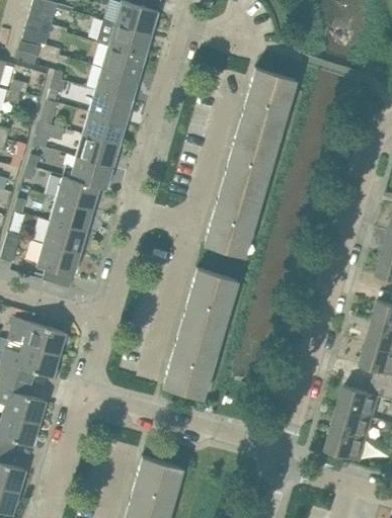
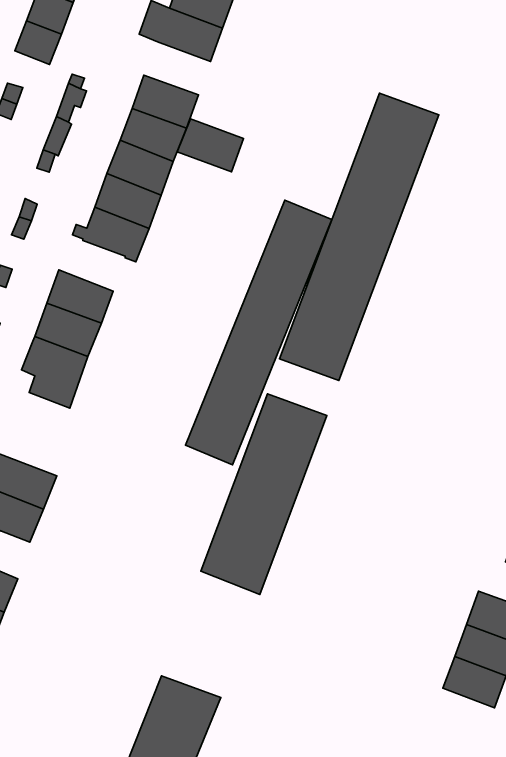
building: [101,46,144,78] -> [177,119,244,172]
building: none -> [186,200,332,465]
building: [56,175,98,209] -> none

